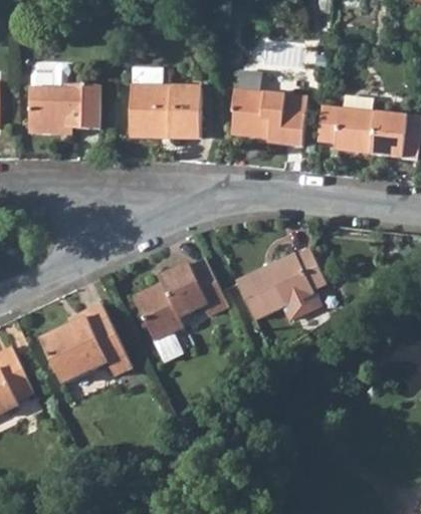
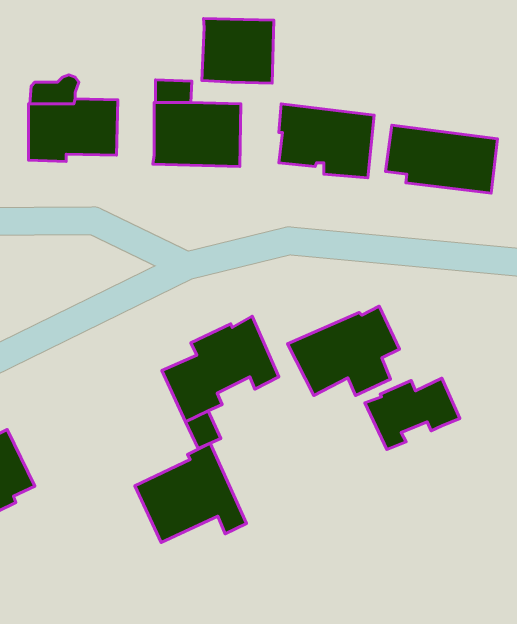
building: none -> [202,19,274,83]
building: [43,304,133,383] -> [135,443,247,542]
building: none -> [365,378,460,449]

